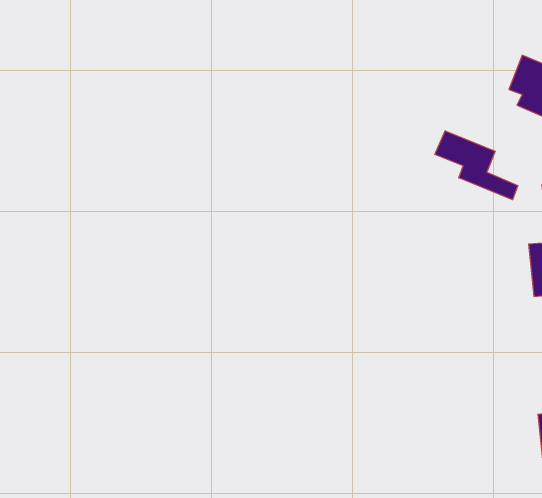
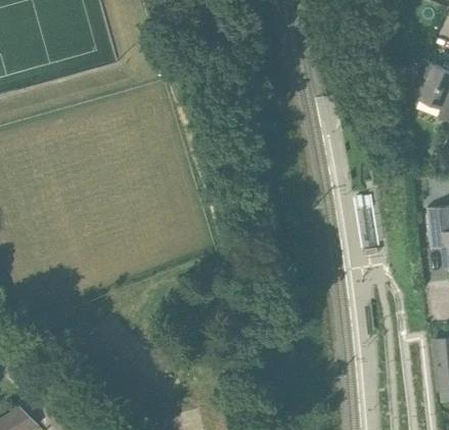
building: [435,131,518,200] -> none

